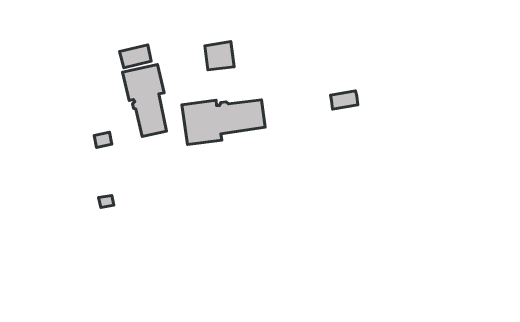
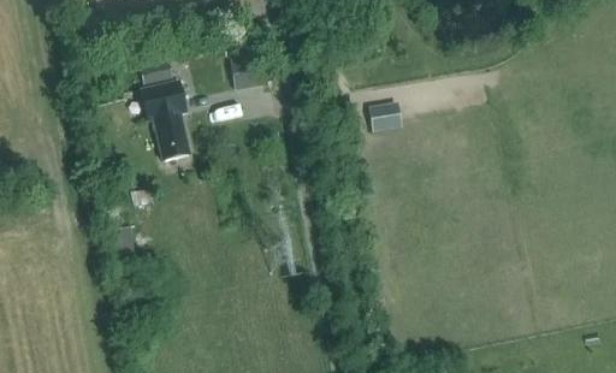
building: [182,100,265,145] -> none

